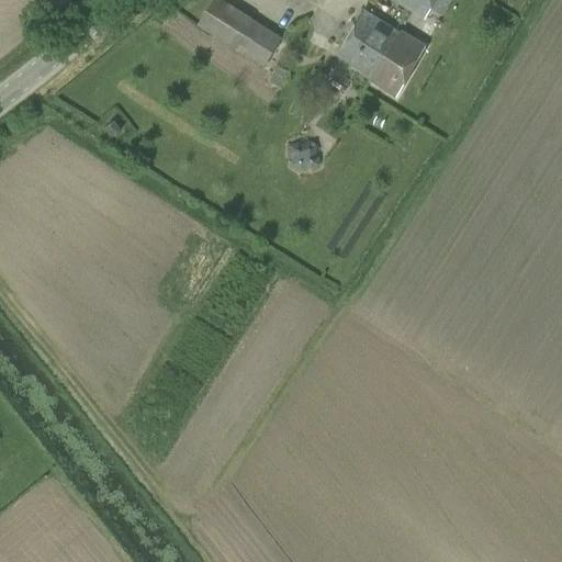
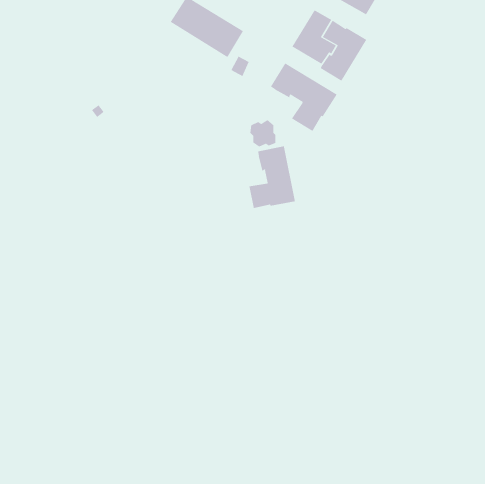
building: none -> [270,62,337,132]
building: none -> [249,146,295,209]

